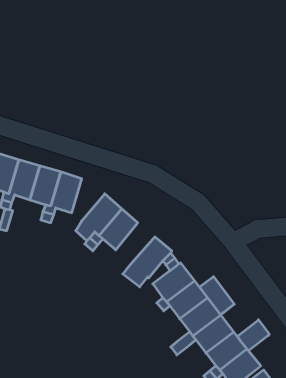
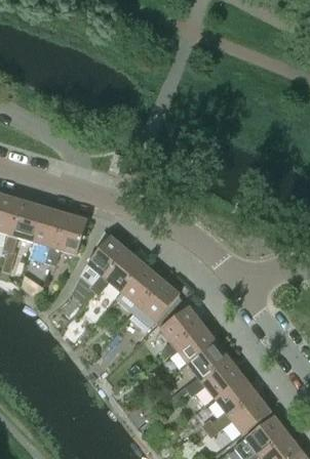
building: none -> [121,263,161,304]
building: [200,277,234,314] -> none
building: [238,320,269,351] -> none

